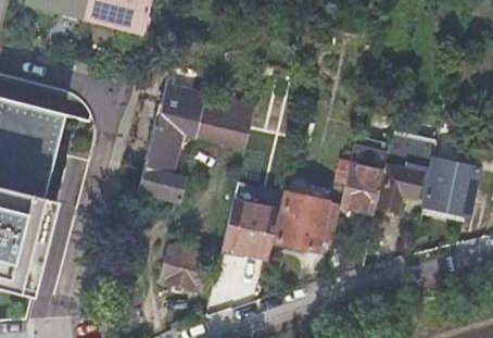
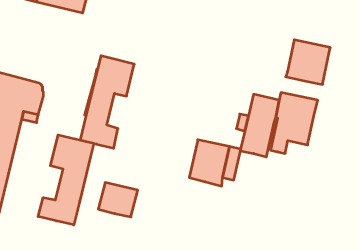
building: [195,97,254,149] -> none
building: [422,159,479,215] -> [286,40,330,84]
building: none -> [38,135,94,225]
building: [222,199,277,258] -> none

